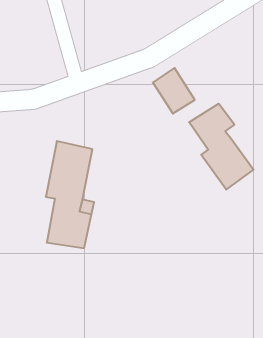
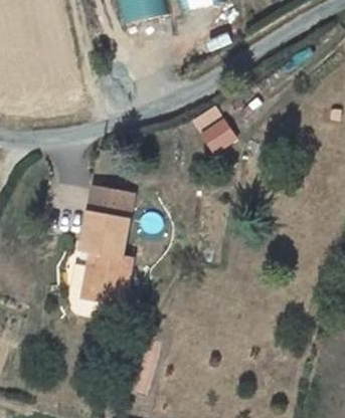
building: [189,104,254,190] -> none

